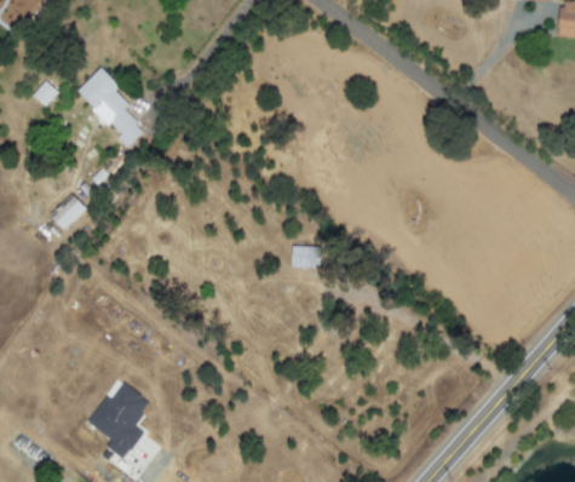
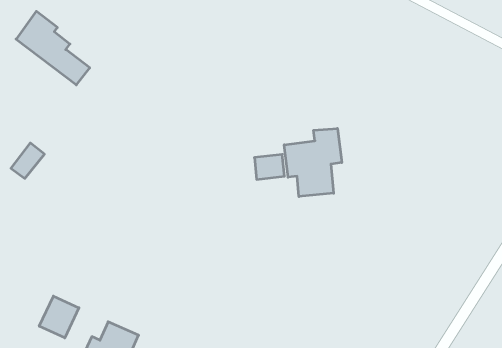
building: none -> [284,128,342,197]
building: none -> [39,296,79,338]

